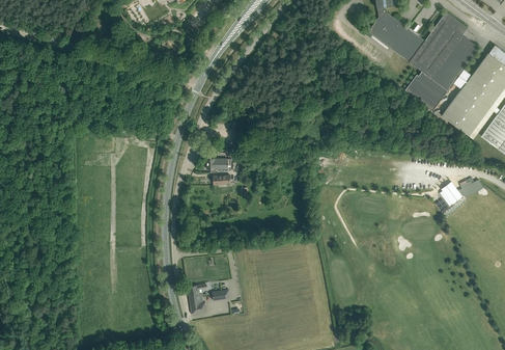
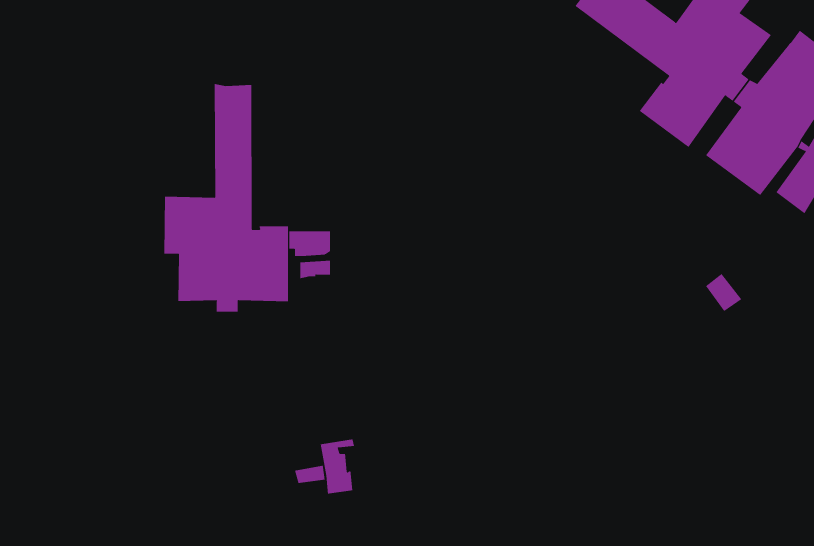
building: none -> [164,83,288,312]
building: [188,285,207,316] -> [320,439,355,494]

